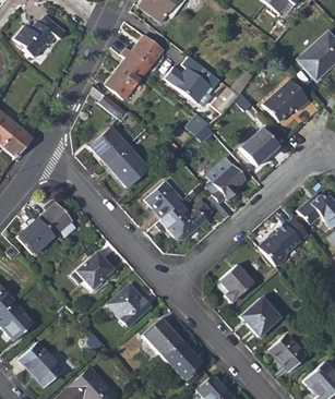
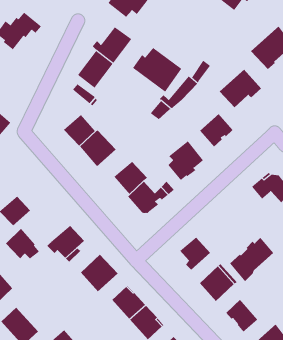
building: [38,202,76,237] -> [5,228,40,259]
building: [259,216,309,266] -> [229,237,274,282]

